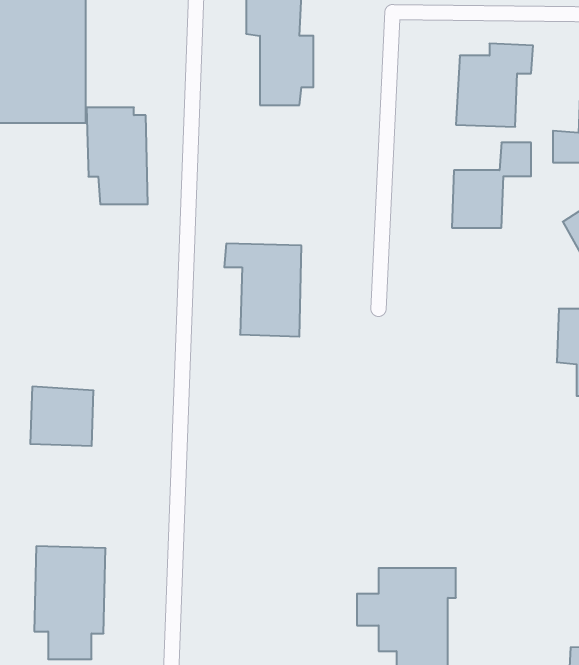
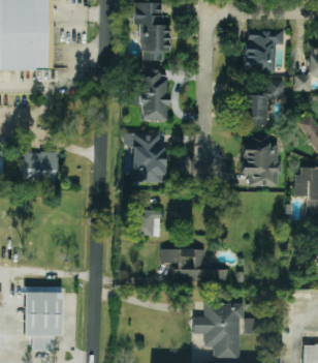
building: [86,107,148,204] -> [134,69,166,120]
building: none -> [241,134,280,186]
building: [30,387,94,446] -> [24,151,57,182]
building: none -> [134,210,160,237]
building: none -> [161,249,226,282]

